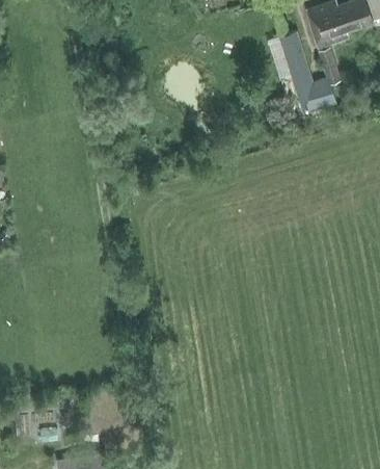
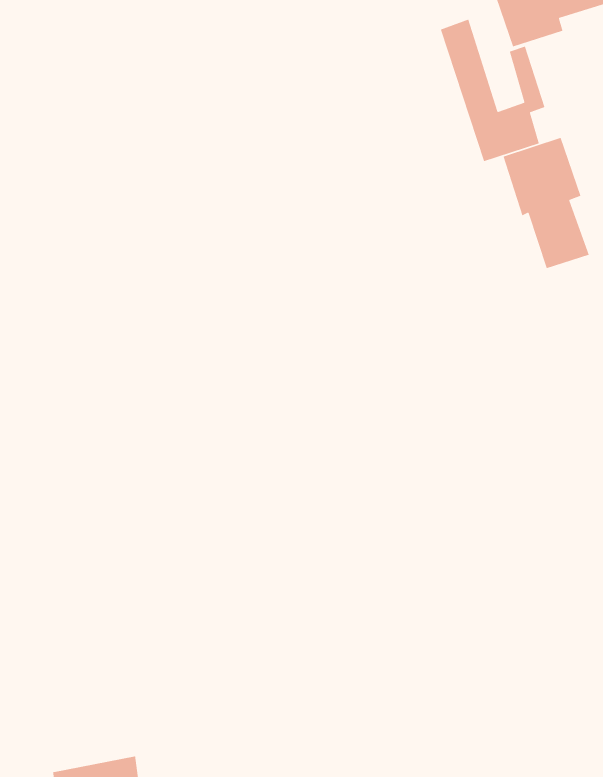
building: none -> [503,137,590,269]

